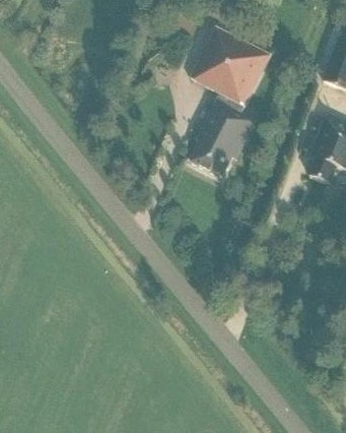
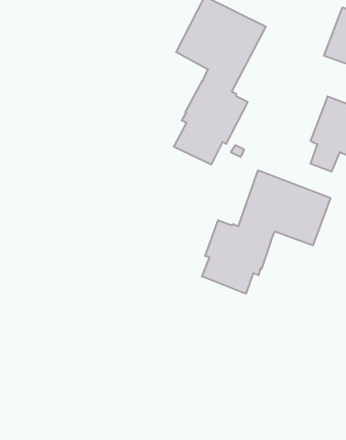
building: none -> [202,170,330,294]

